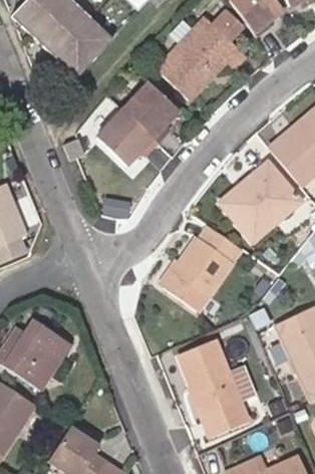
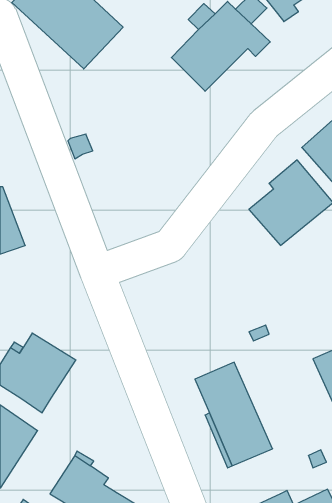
building: [96,81,180,166] -> none
building: [165,223,243,306] -> none

